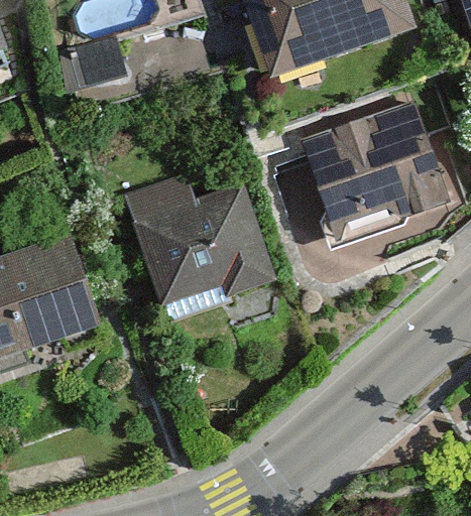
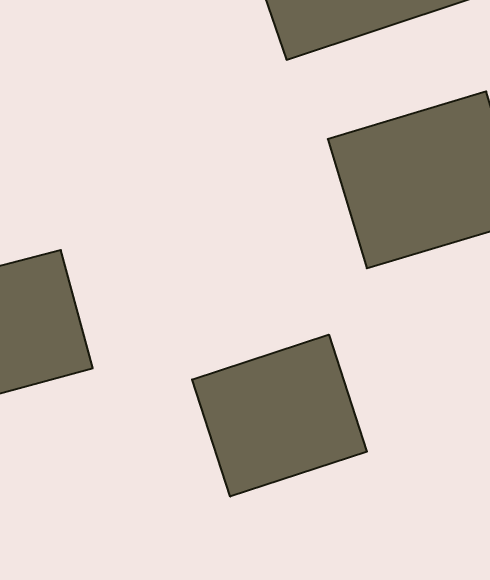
building: [124,175,279,317] -> none
building: none -> [192,335,367,497]

